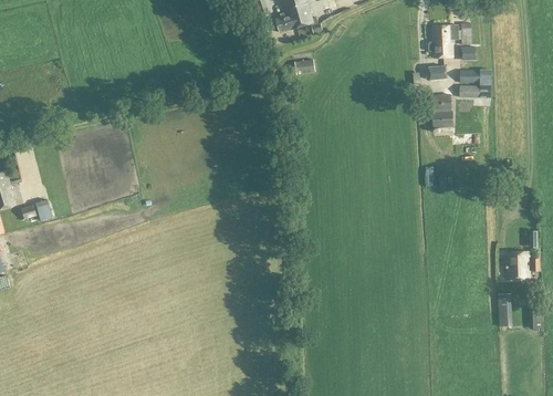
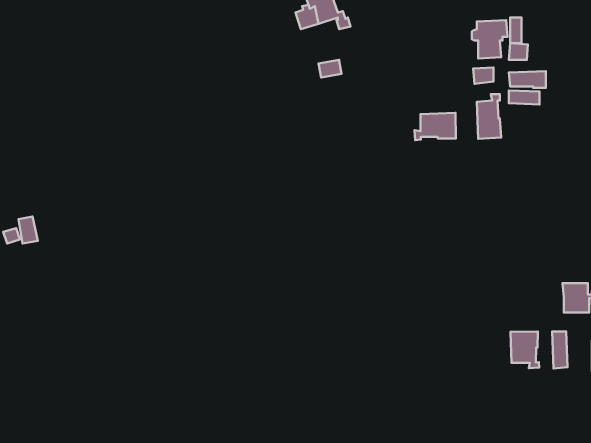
building: none -> [414,113,456,140]
building: none -> [510,331,539,368]

